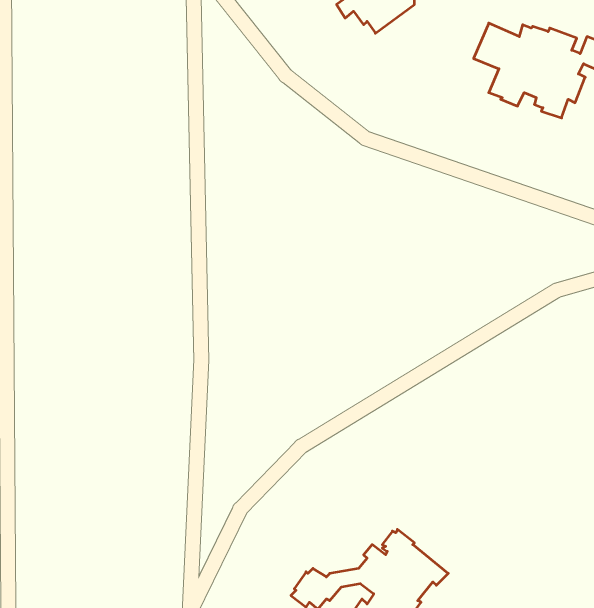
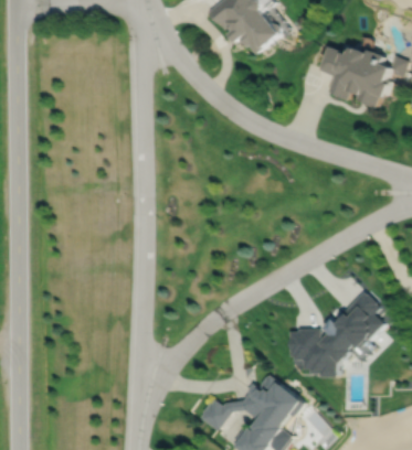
building: none -> [290,291,385,378]

